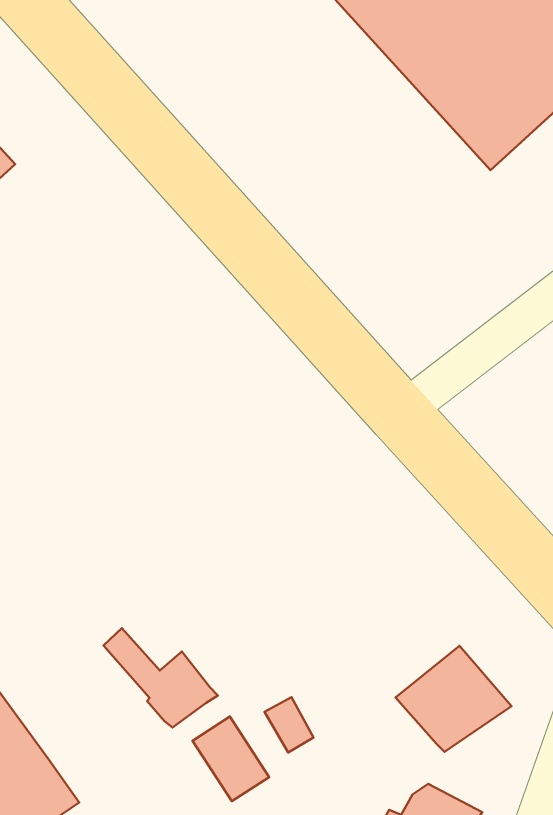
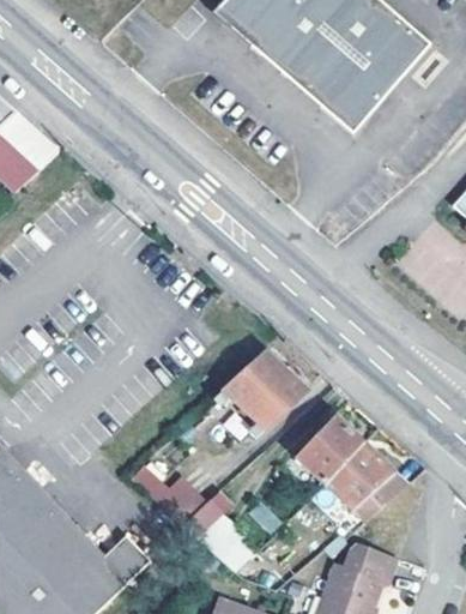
building: none -> [216,355,305,439]
building: none -> [296,417,369,489]
building: none -> [104,536,151,585]

